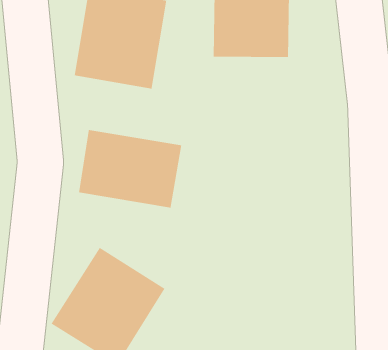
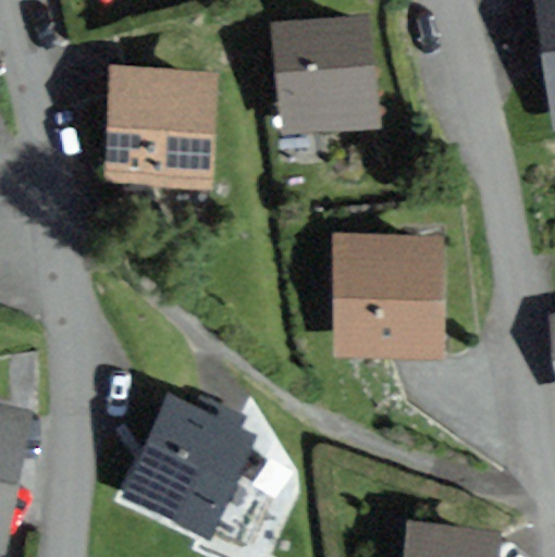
building: [78,129,182,208] -> none
building: none -> [332,233,444,359]

